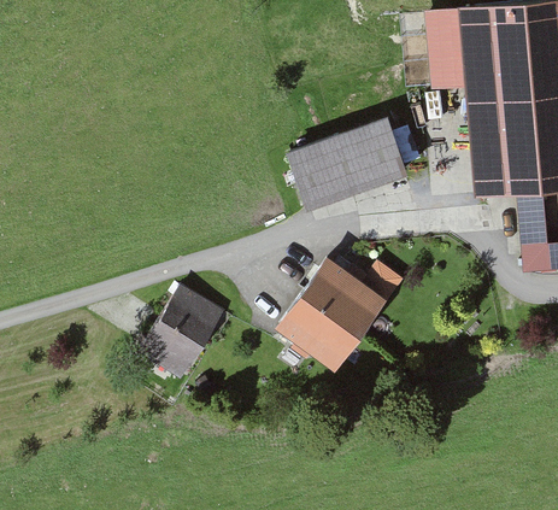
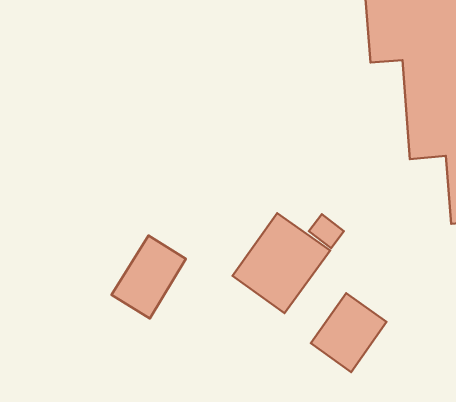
building: [284,117,407,211] -> none
building: none -> [311,293,386,372]

